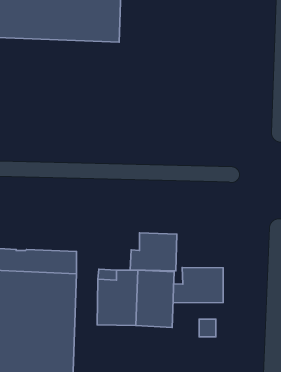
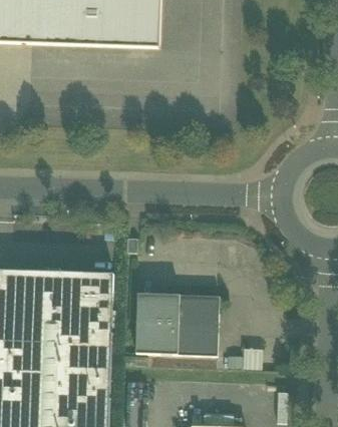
building: [130,233,177,271] -> none
building: [173,268,223,303] -> none

